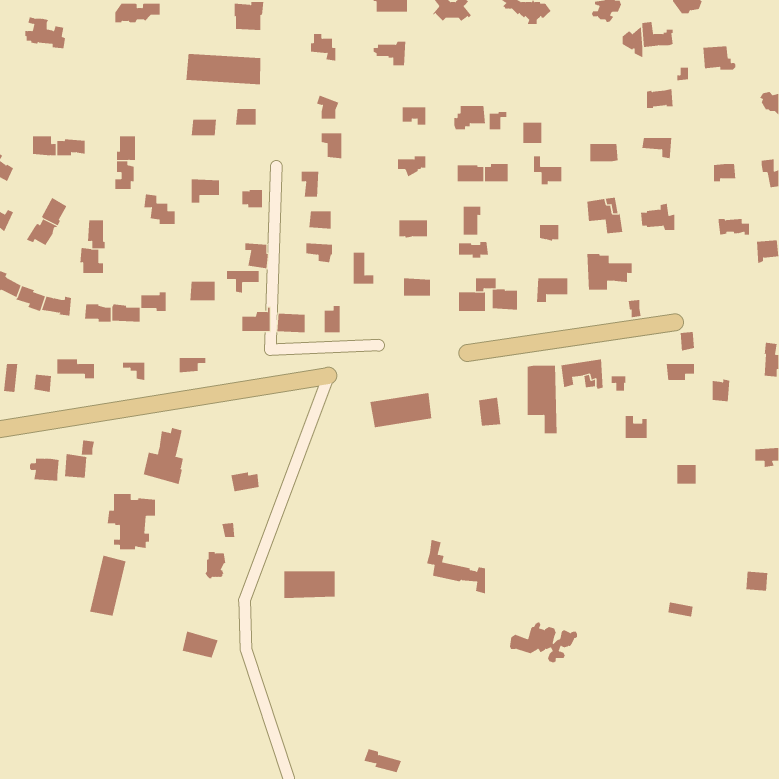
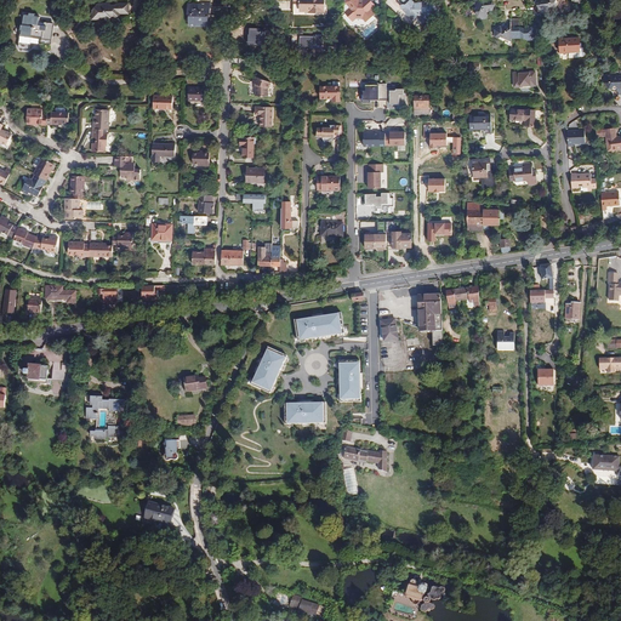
building: [186,53,261,85] -> none
building: [143,427,184,485] -> none
building: none -> [250,346,286,392]
building: none -> [338,359,360,401]
building: [90,555,126,617] -> none
building: [283,571,335,598] -> [284,401,325,423]
building: [509,622,578,663] -> [389,579,444,611]

